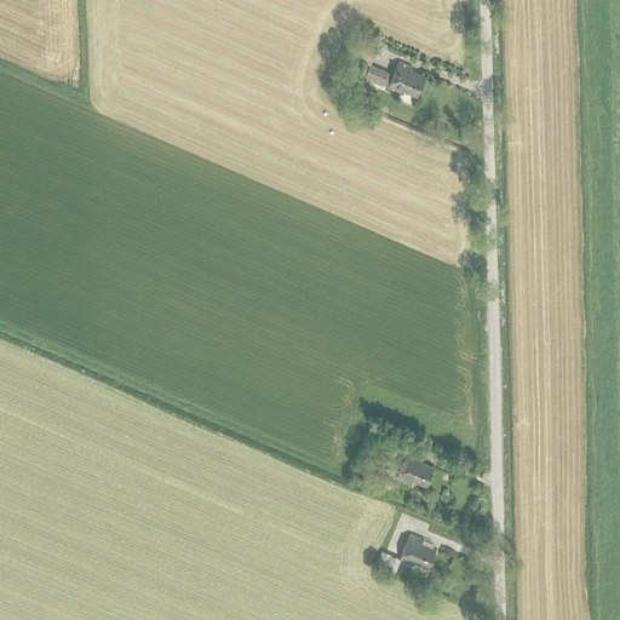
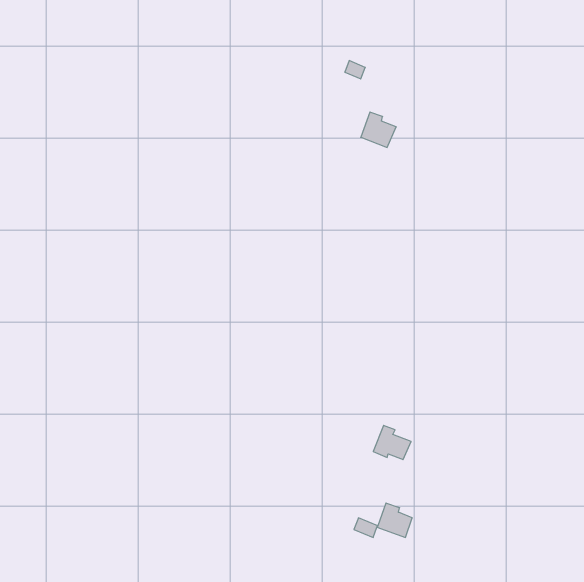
building: [388,59,425,97] -> [361,112,396,147]

